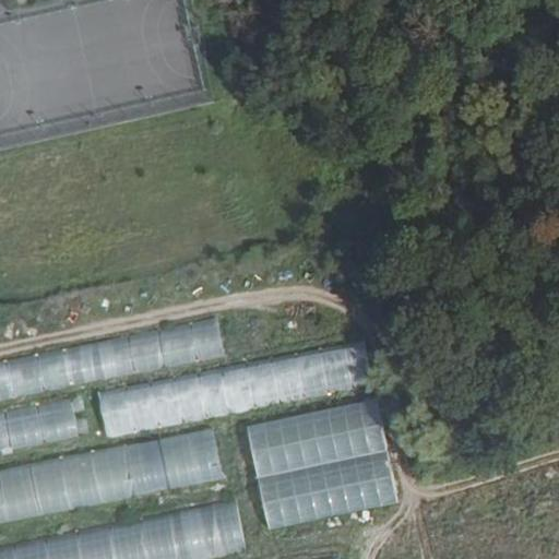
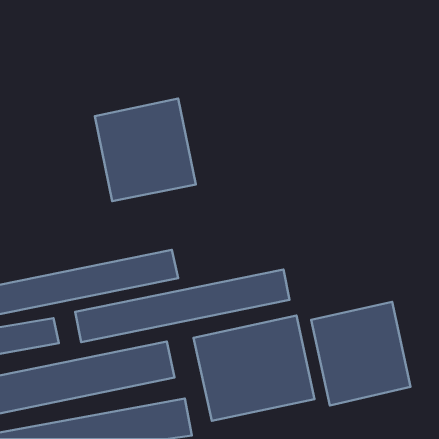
building: none -> [95,98,196,201]
building: none -> [311,302,411,405]

